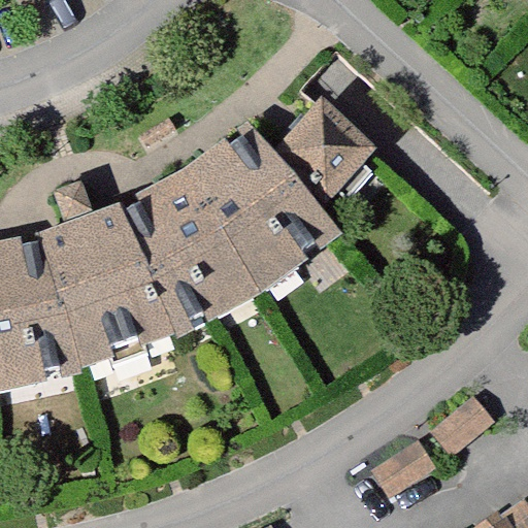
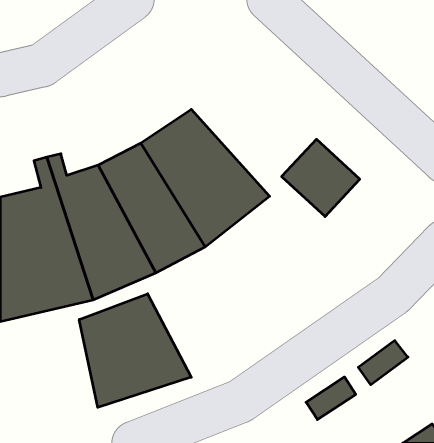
building: [273,109,366,201] -> [282,139,360,217]
building: none -> [79,294,191,407]

